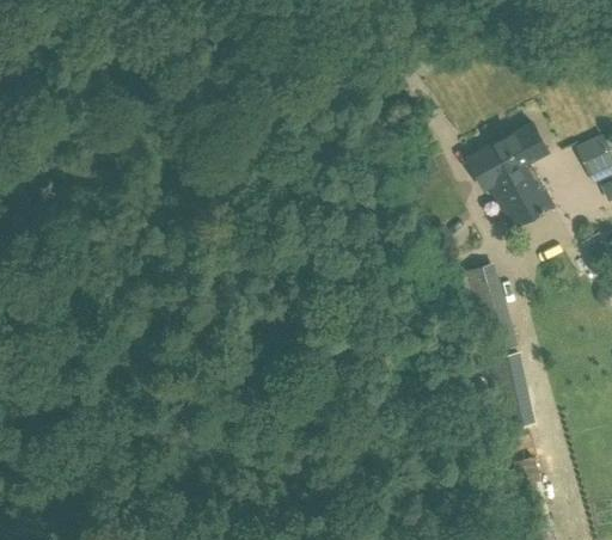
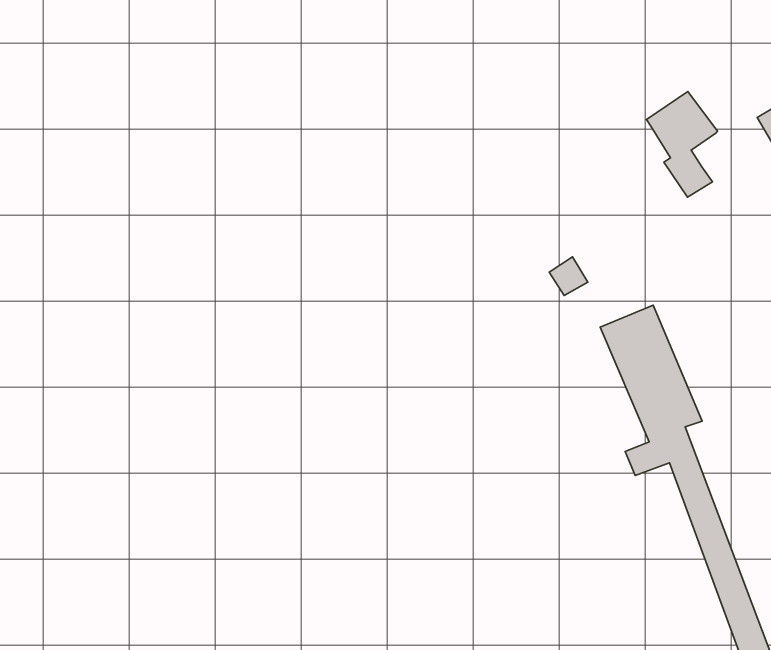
building: [470,139,557,228] -> none

